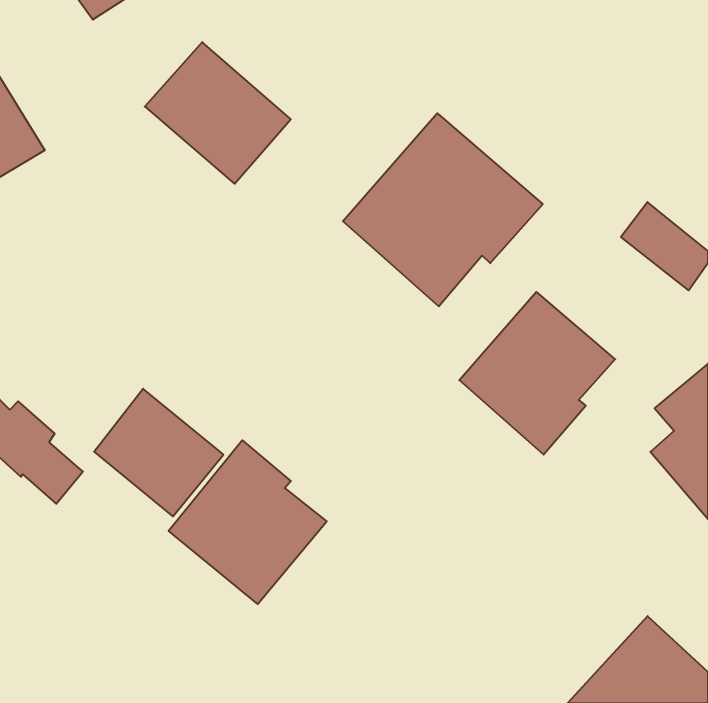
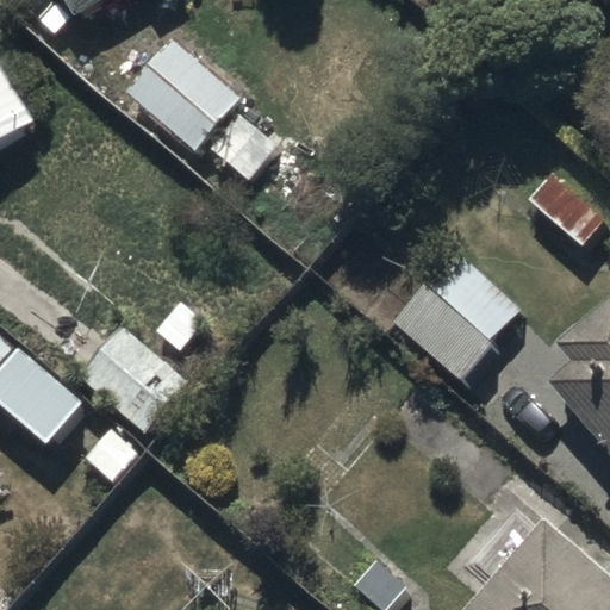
building: [343,113,543,306] -> none
building: [169,440,327,604] -> none

